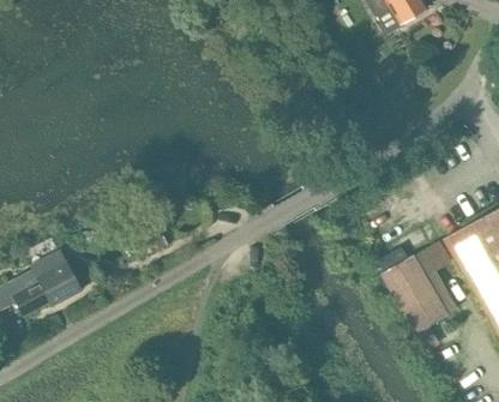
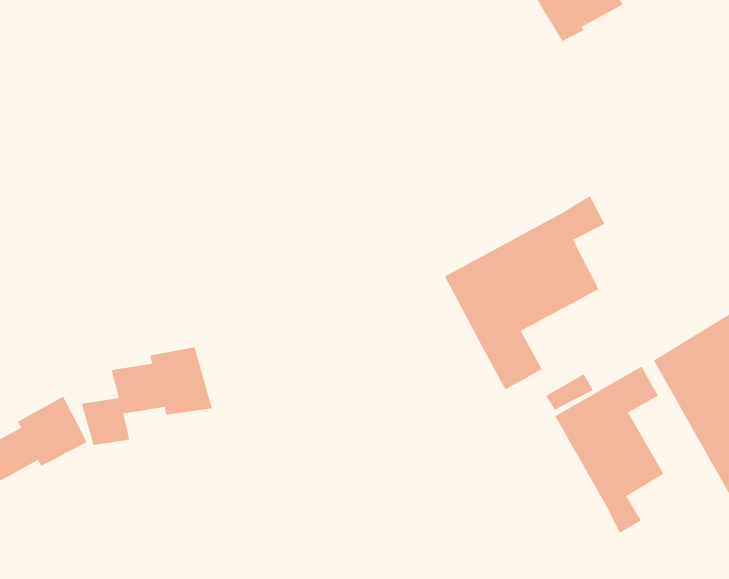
building: none -> [444,195,605,390]
building: none -> [81,346,212,446]

